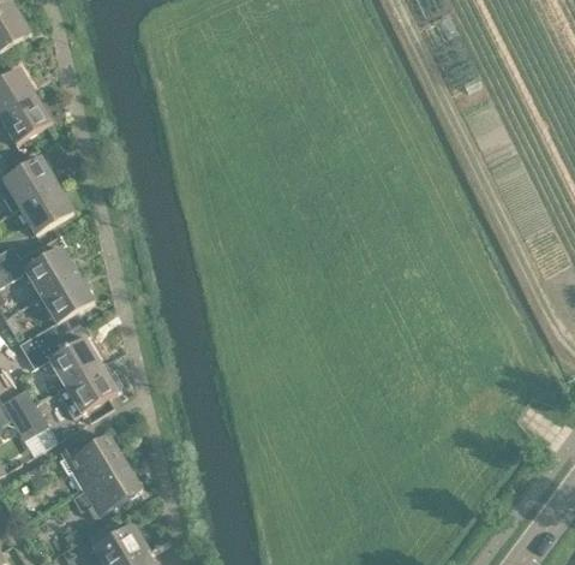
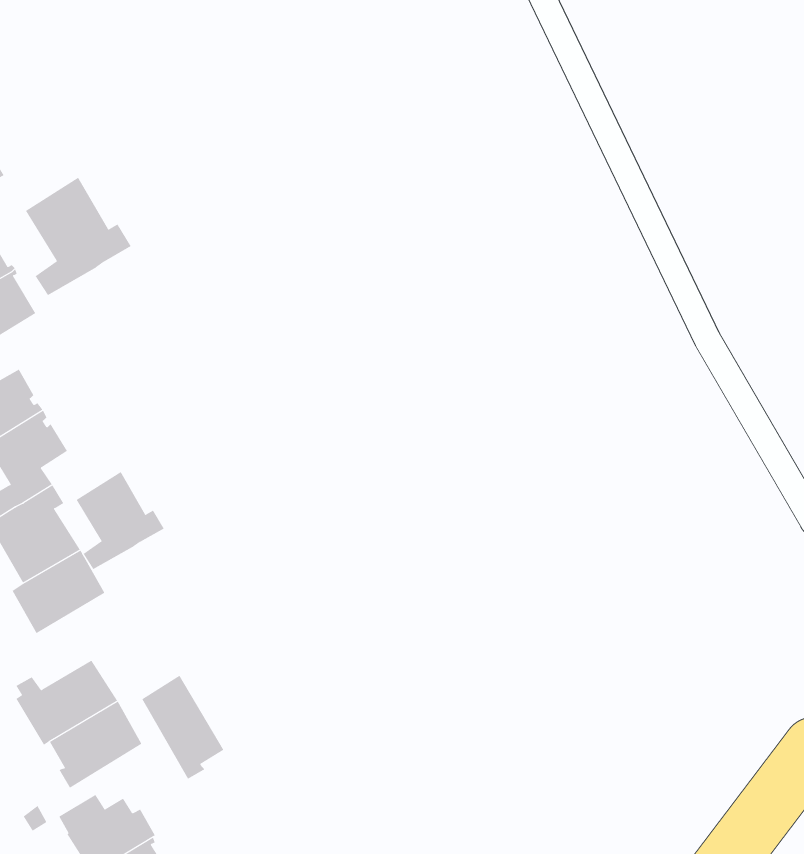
building: none -> [25,177,131,296]
building: none -> [76,471,164,570]
building: none -> [141,675,224,780]

